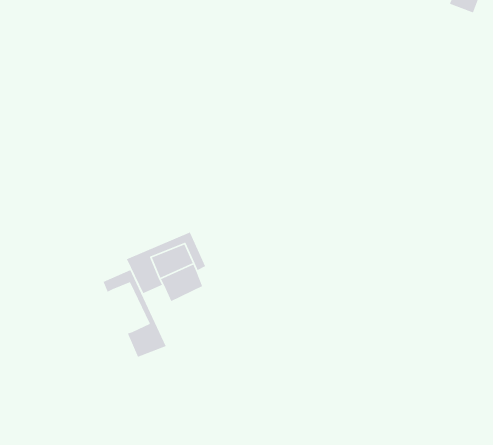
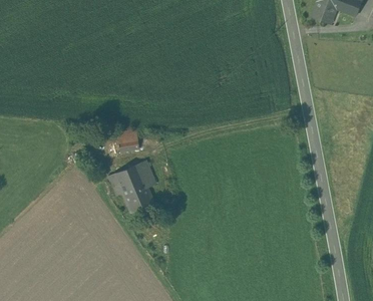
building: none -> [112,135,138,154]
building: [102,268,167,358] -> none

